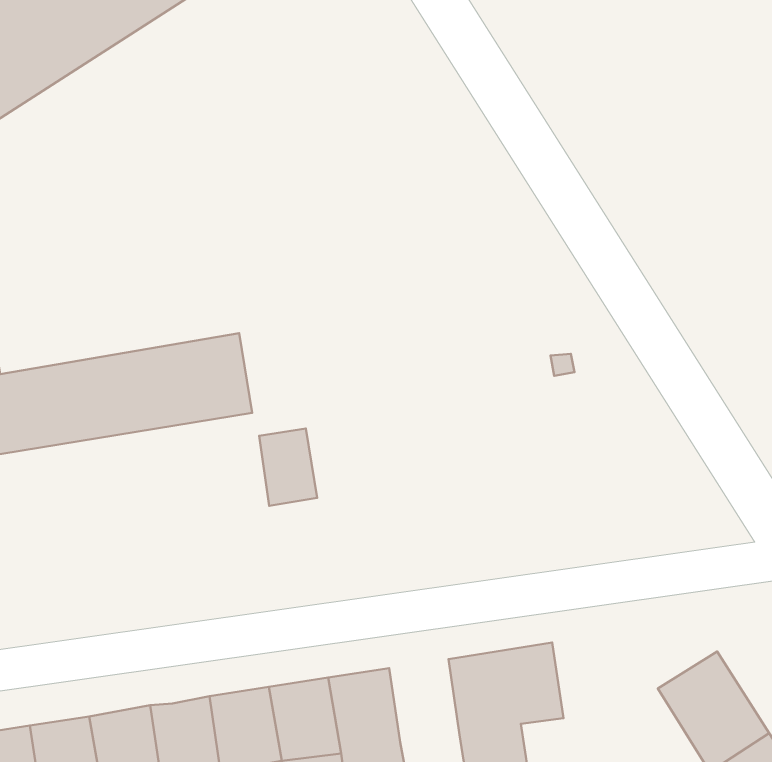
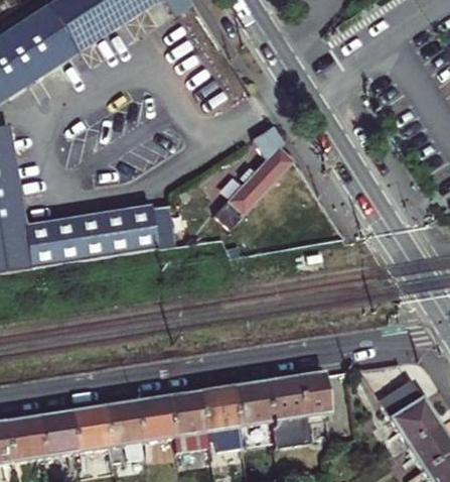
building: none -> [213,121,296,227]
building: [259,428,317,506] -> none
building: none -> [234,380,272,426]

